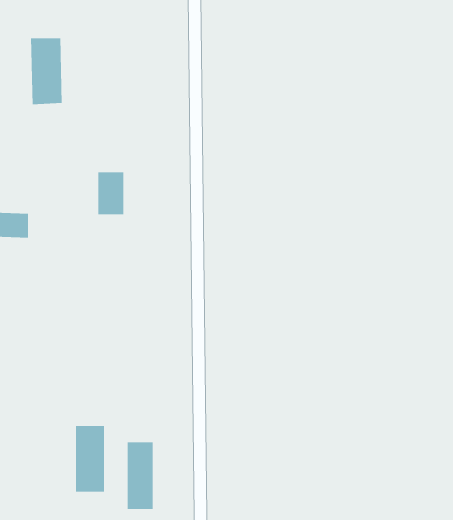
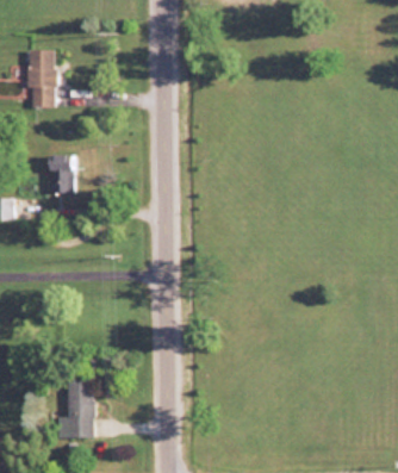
building: [98,172,124,215] -> [49,154,71,191]
building: [127,442,154,510] -> none

